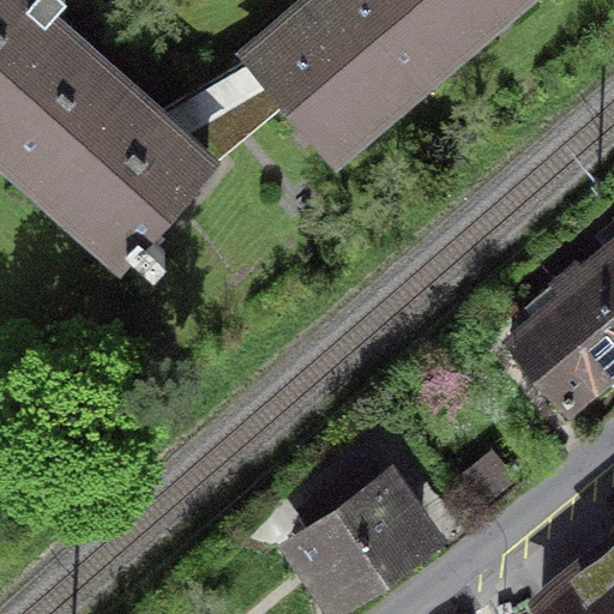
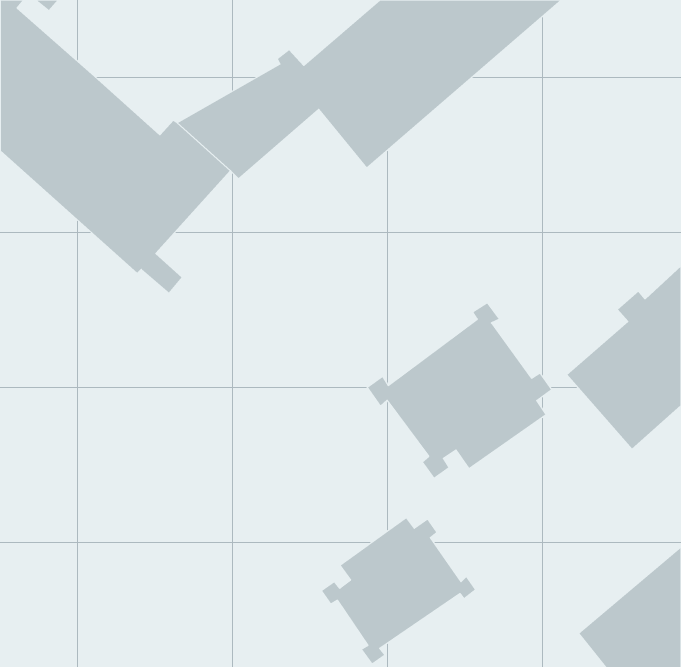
building: none -> [367,303,552,479]

